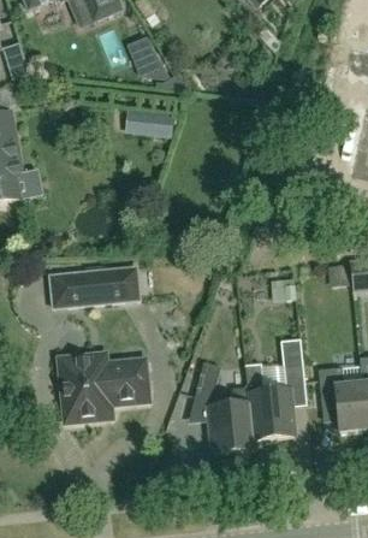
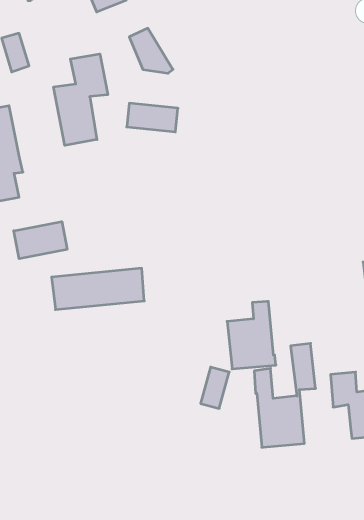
building: none -> [54,54,108,145]
building: none -> [14,222,67,259]
building: [59,353,149,421] -> none
building: [208,386,255,451] -> [227,301,276,369]

